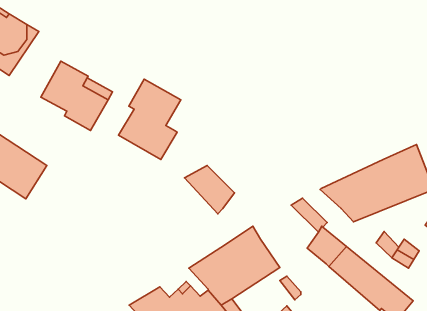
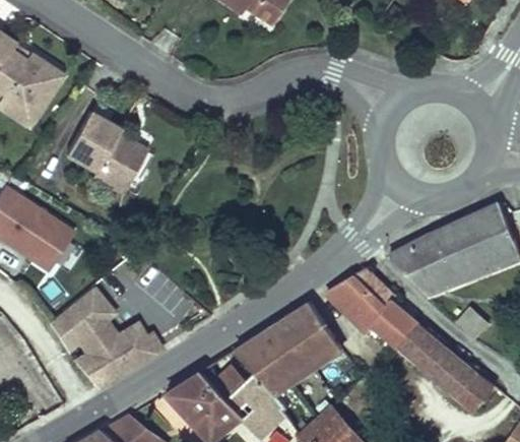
building: [118,79,181,160] -> none
building: [184,166,234,214] -> [328,276,386,332]
building: none -> [46,286,157,387]

